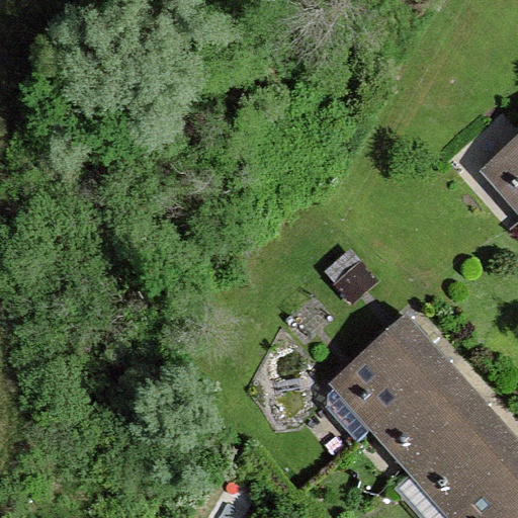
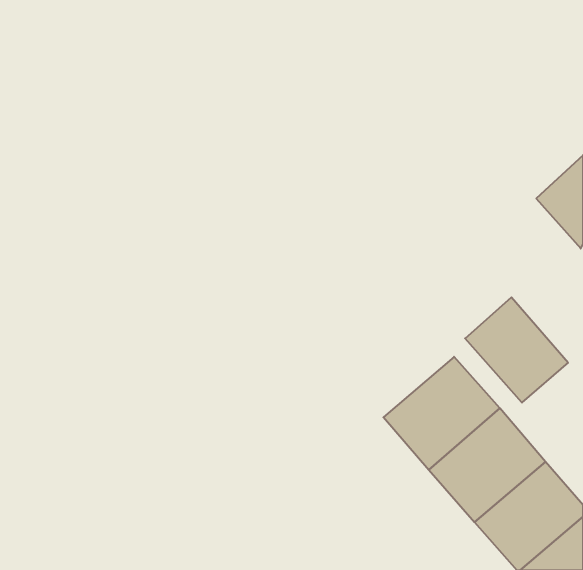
building: none -> [465,297,568,403]

